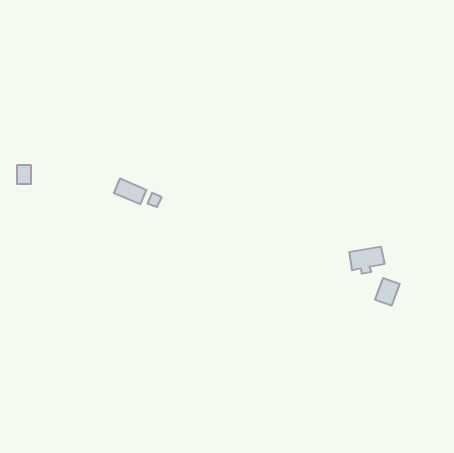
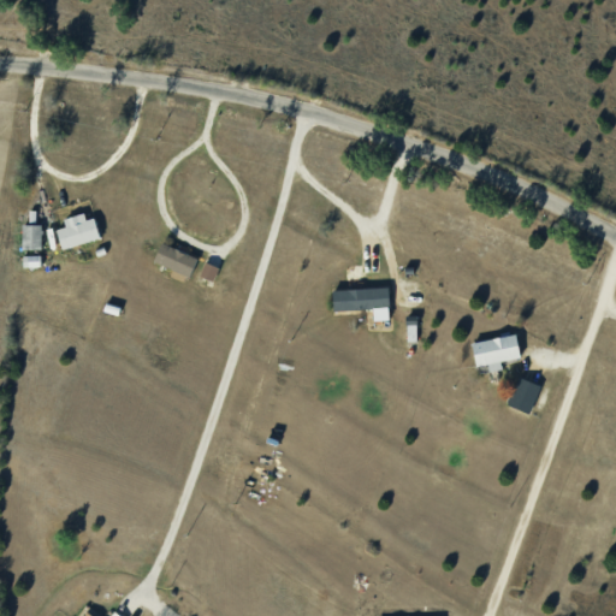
building: none -> [57,212,99,250]
building: none -> [333,289,390,310]

